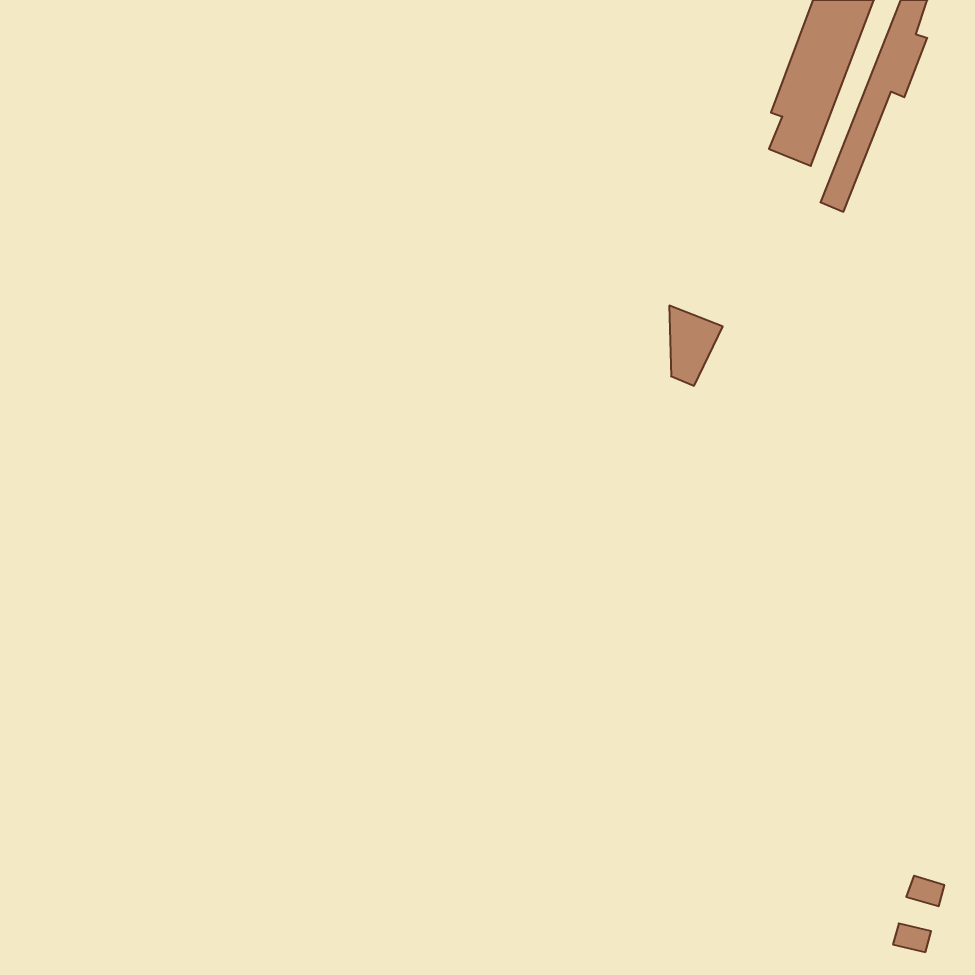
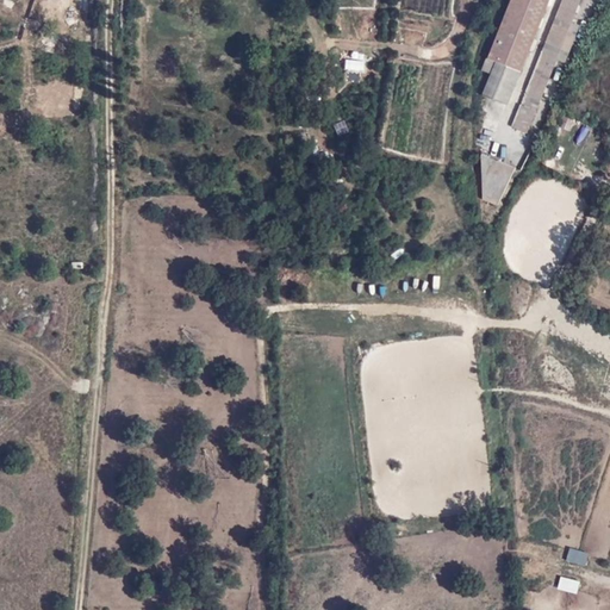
building: [669,306,723,386] -> [481,154,515,204]

